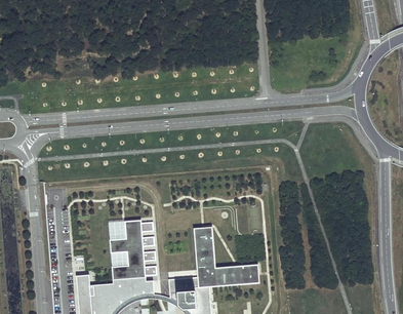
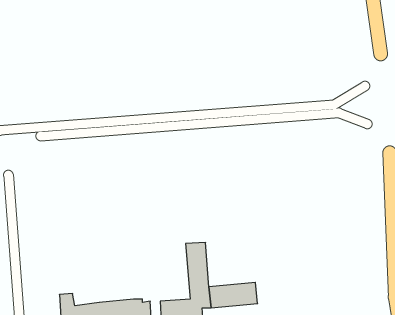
building: [110,221,157,281] -> none

